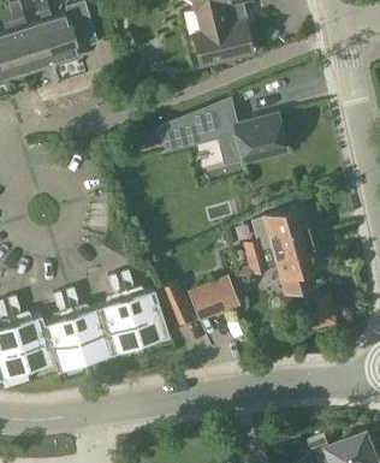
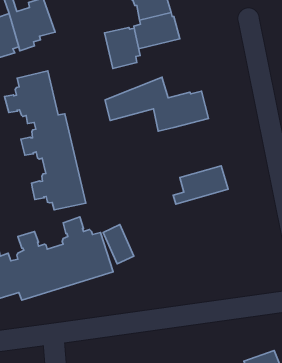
building: none -> [104,28,140,69]
building: none -> [5,71,86,210]
building: [188,236,319,316] -> none

